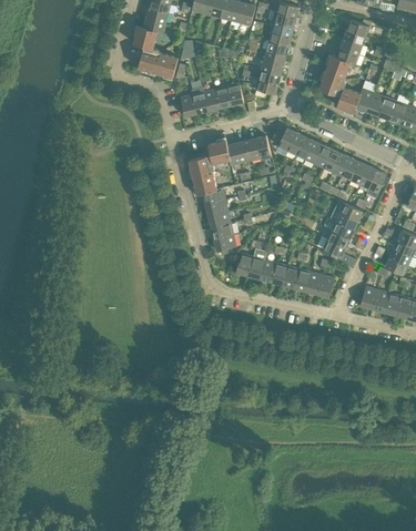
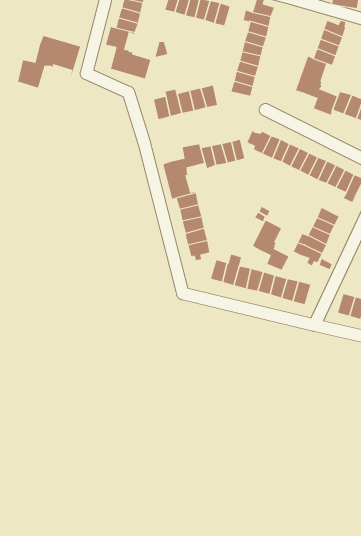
building: none -> [18,35,81,91]
building: none -> [252,220,291,271]

